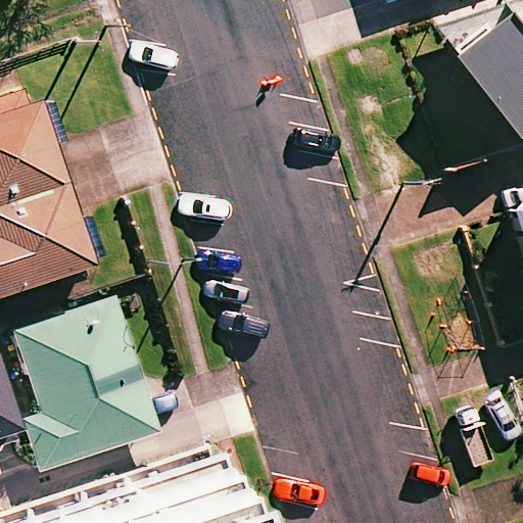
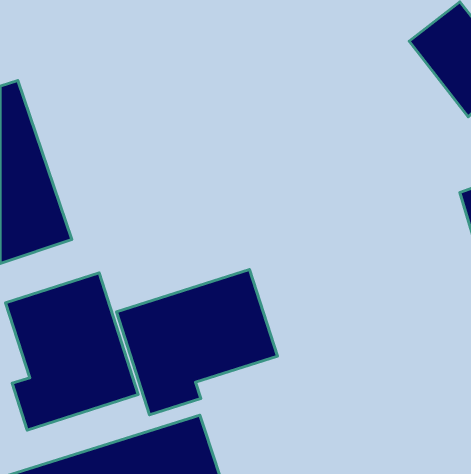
building: none -> [116,269,277,415]

